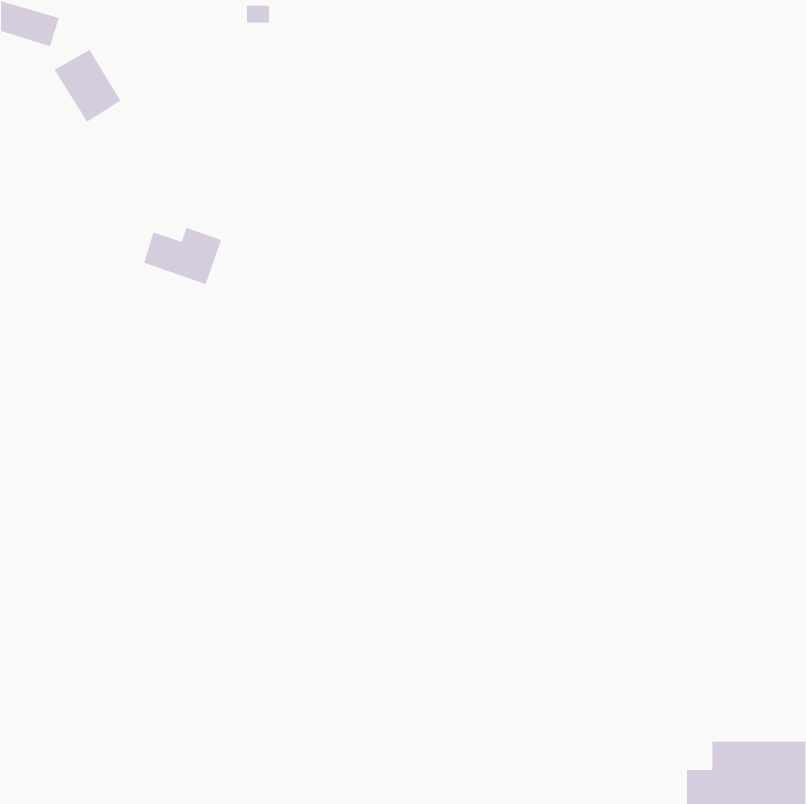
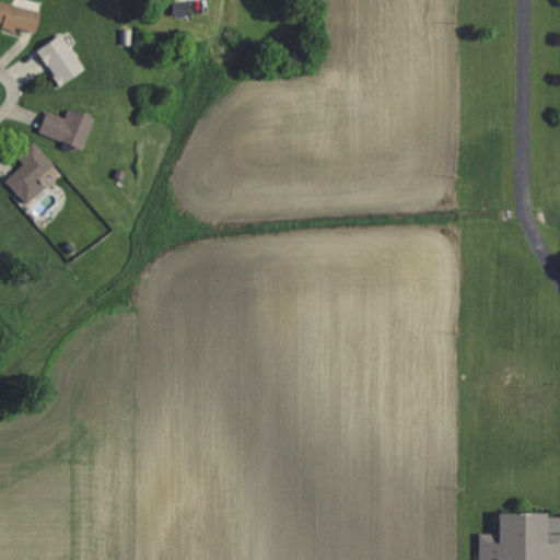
building: none -> [5,141,55,203]
building: [143,227,222,285] -> [39,108,94,149]

